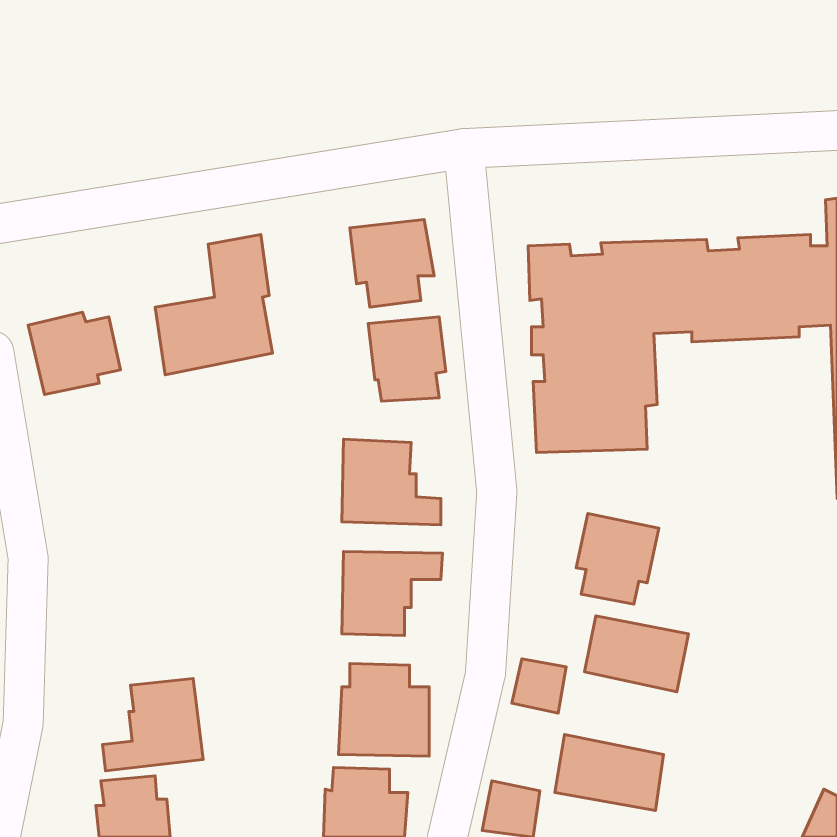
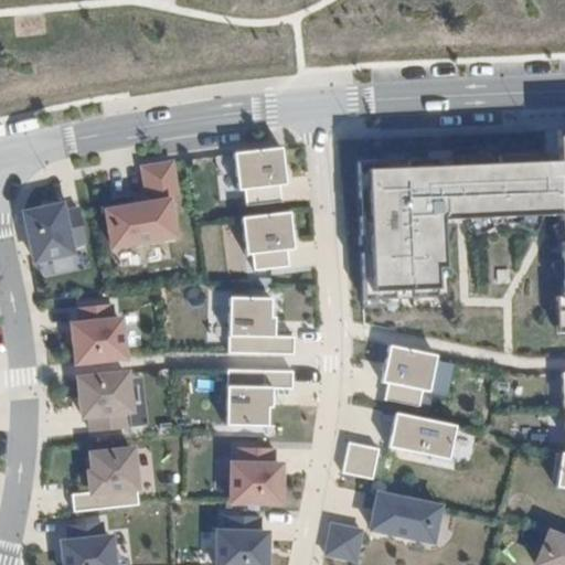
building: none -> [68,307,120,366]
building: none -> [76,377,127,435]

